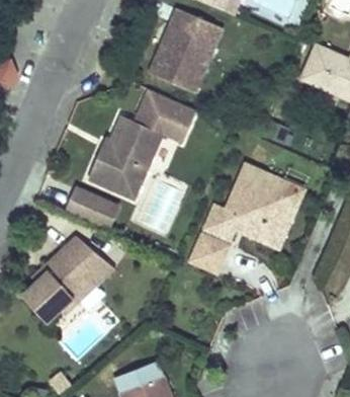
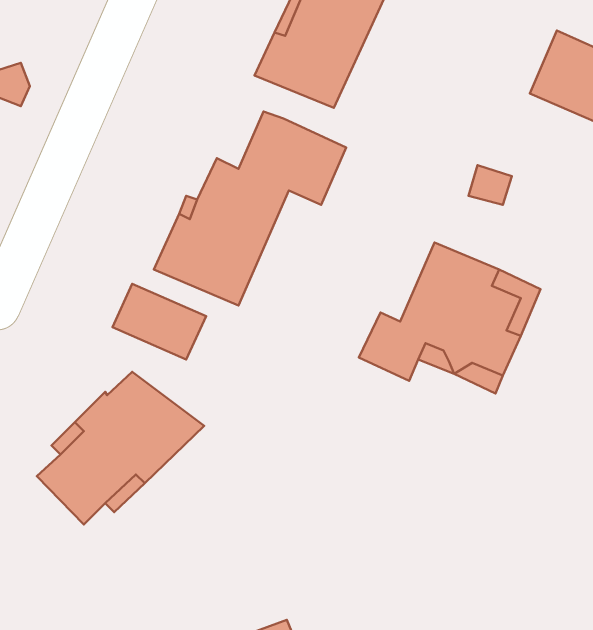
building: [189,234,229,273] -> none

